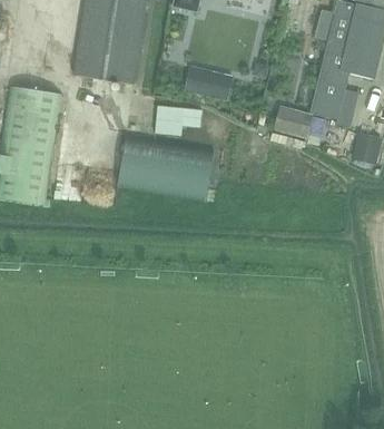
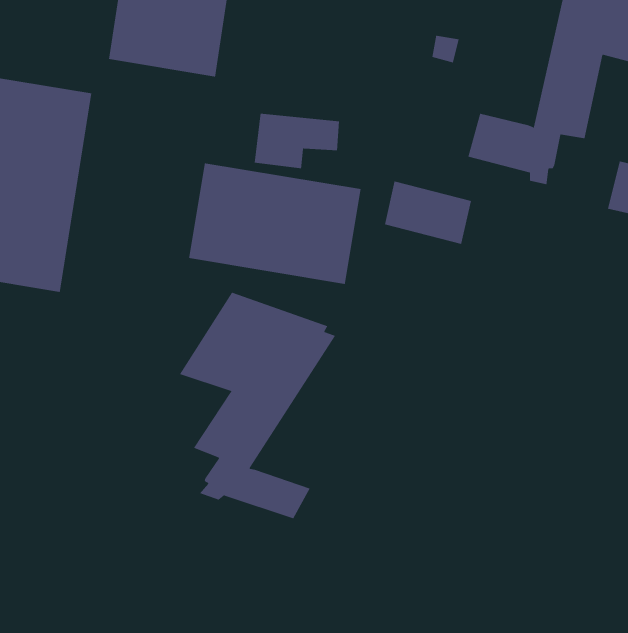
building: [185,64,234,99] -> [384,181,472,245]
building: none -> [179,292,336,519]

